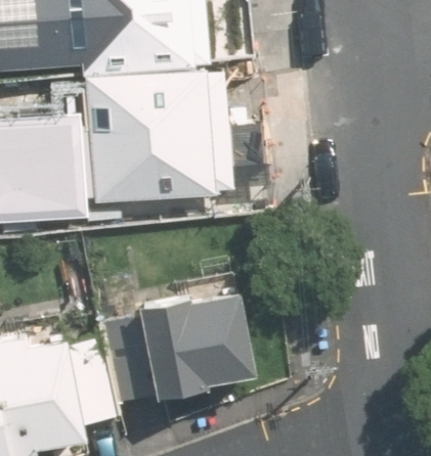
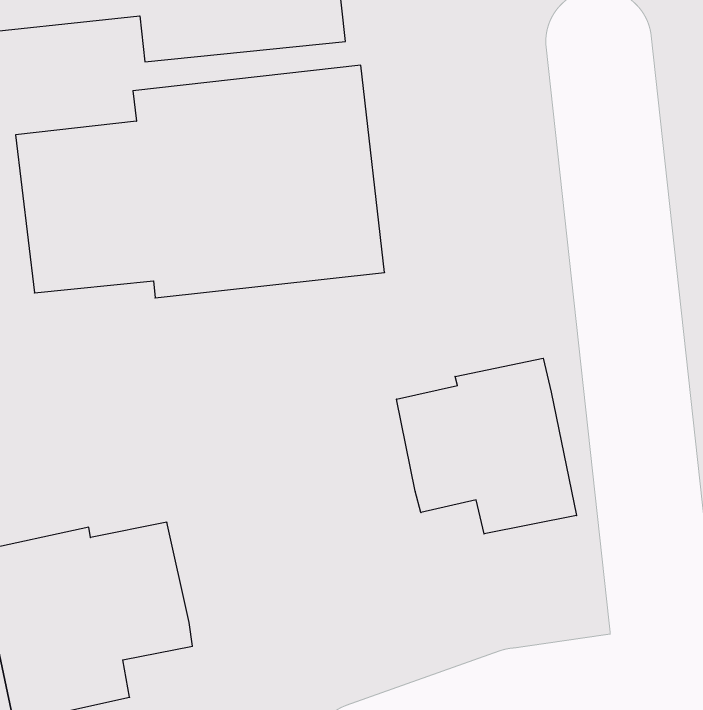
building: none -> [397,358,577,534]
building: [103,291,259,406] -> none

